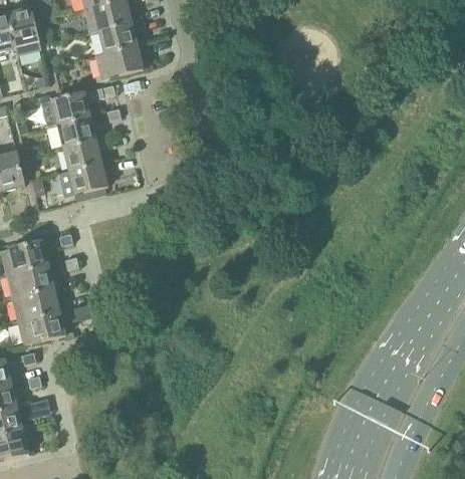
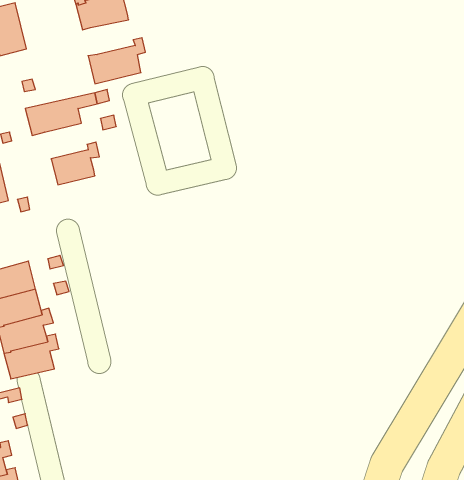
building: [95,15,139,53] -> none
building: [54,114,93,147] -> none
building: [66,156,109,194] -> none

